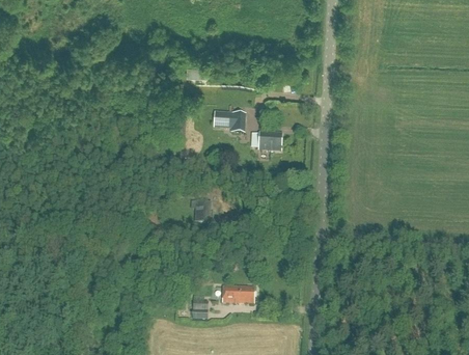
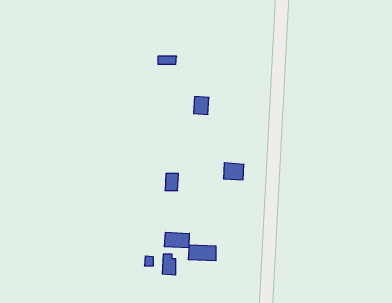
building: [258,132,282,152] -> [223,163,244,180]
building: none -> [164,232,189,248]

